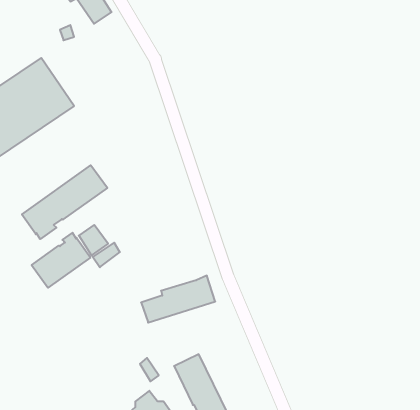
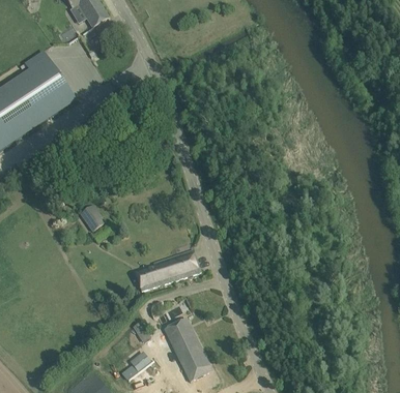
building: [22,165,107,239] -> none
building: [32,233,90,288] -> none

